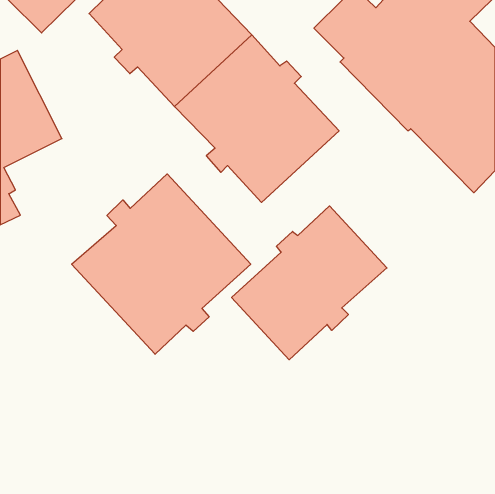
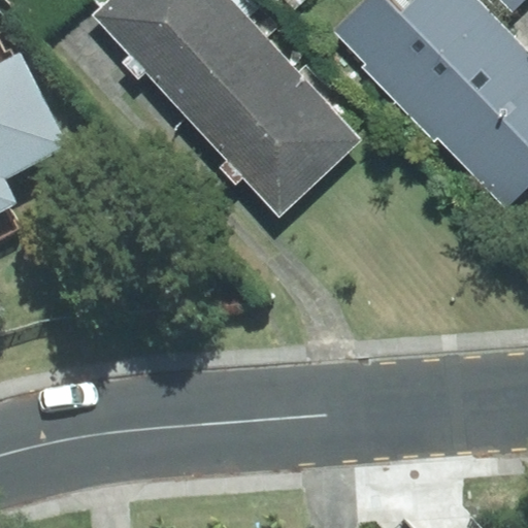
building: [72,174,251,354] -> none
building: [232,206,387,360] -> none

